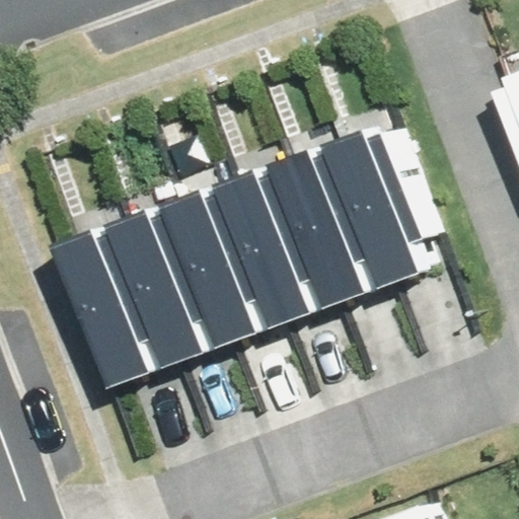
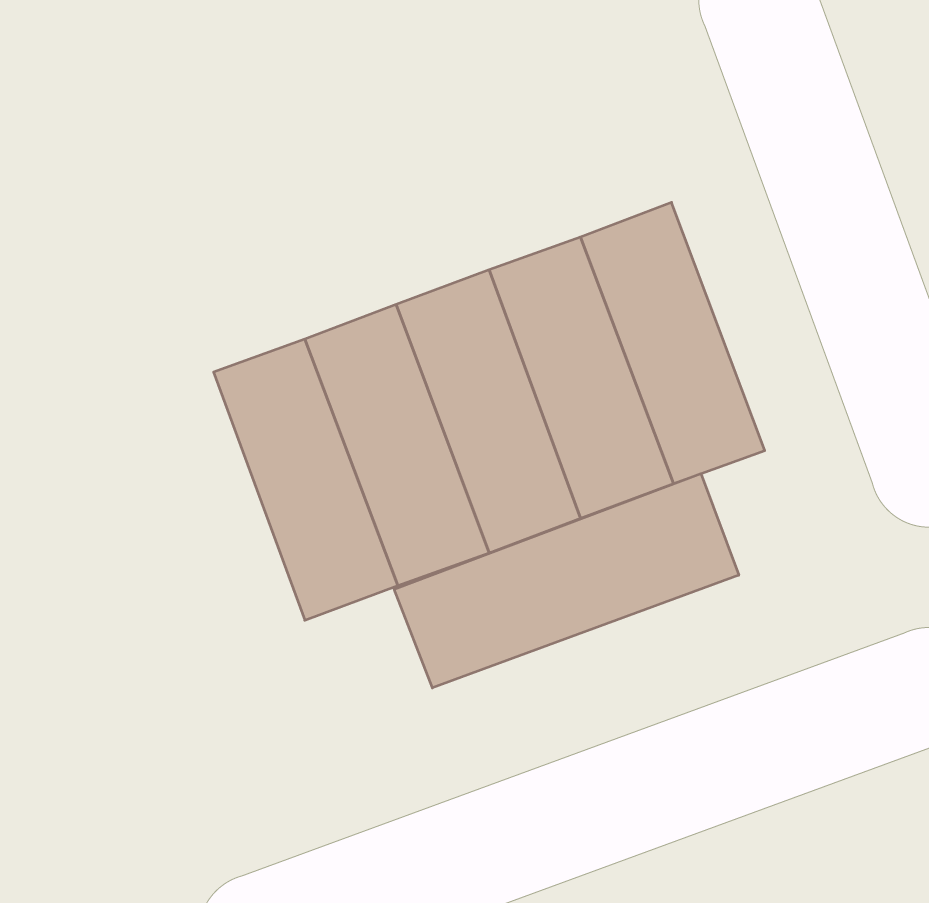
building: [68,223,169,379] -> none
building: none -> [394,474,739,688]

